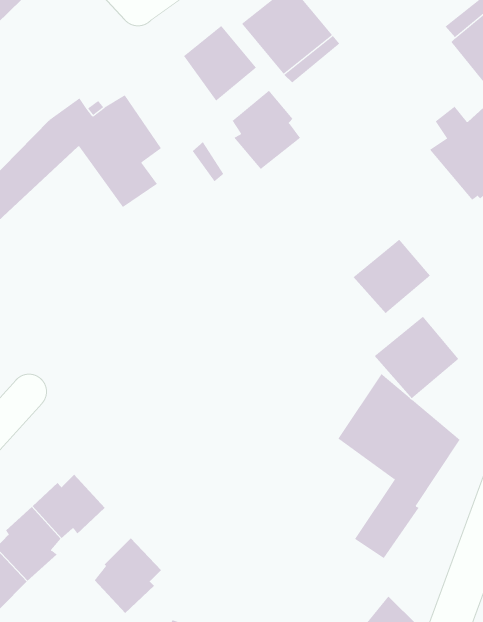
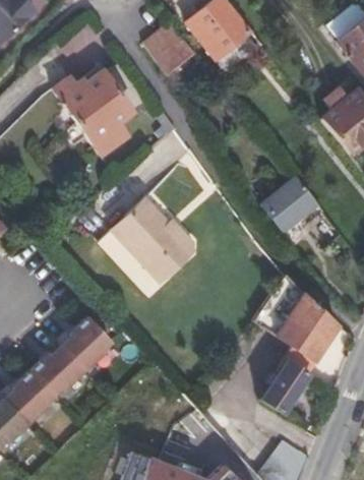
building: [232,90,301,170] -> none
building: none -> [95,200,189,297]
building: [374,316,459,399] -> none
building: [94,538,162,614] -> [64,315,113,370]

